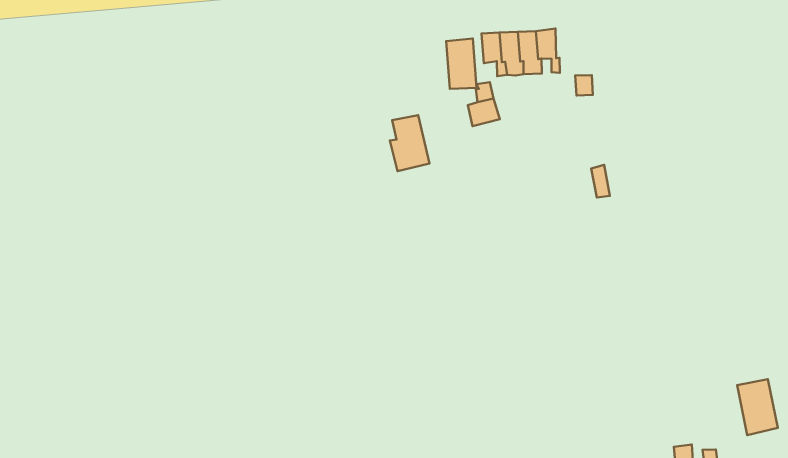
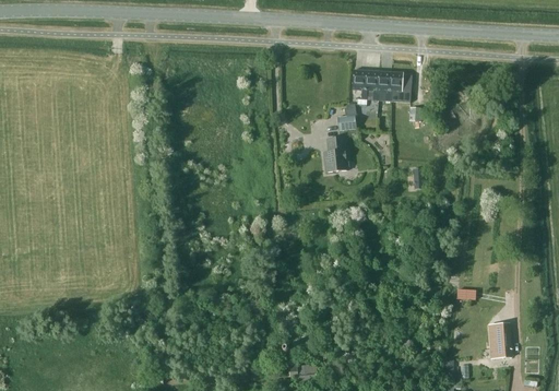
building: [446,39,477,89] -> none
building: [390,115,430,171] -> [323,137,347,171]

